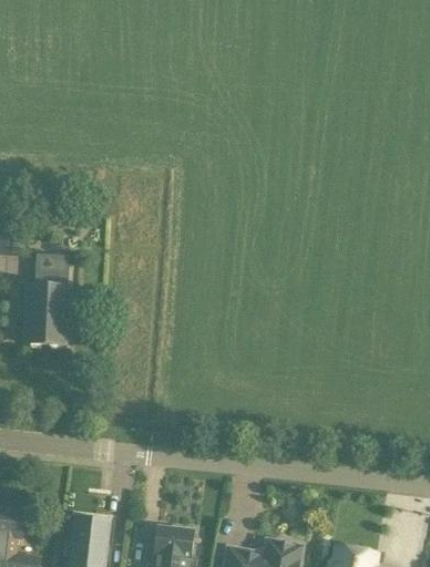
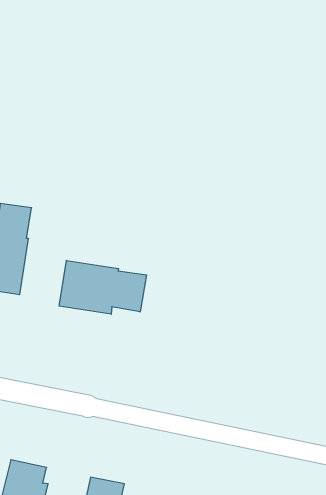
building: none -> [59,260,147,314]

